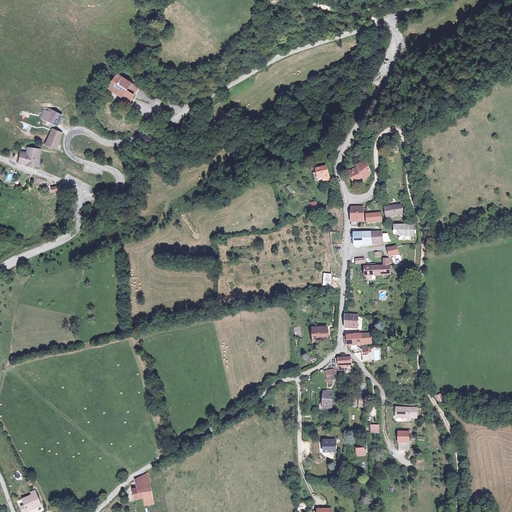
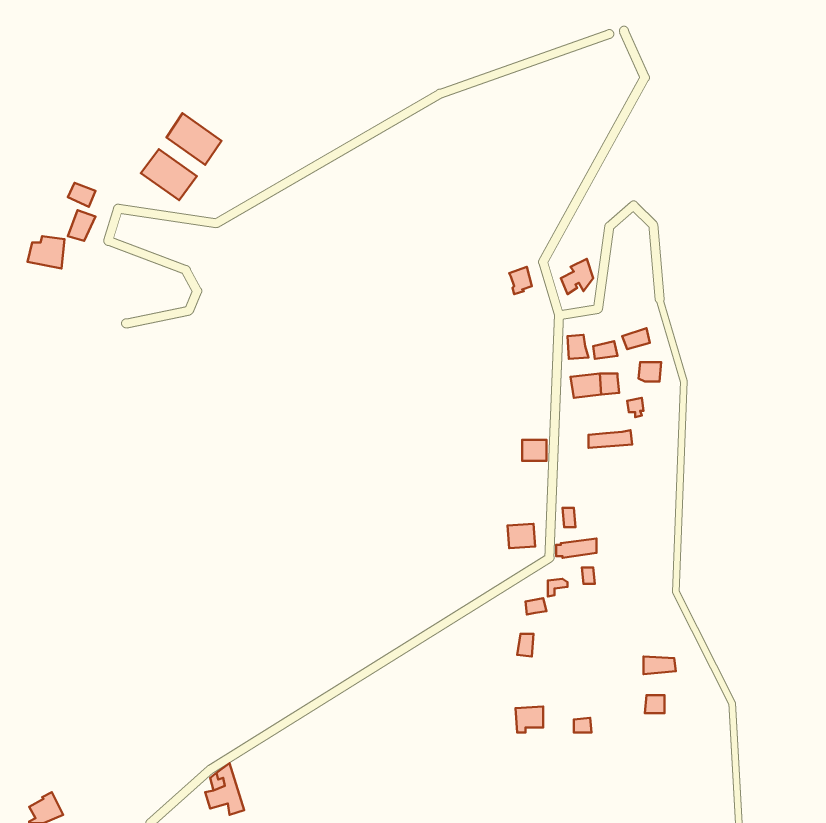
building: none -> [141,149,197,200]

